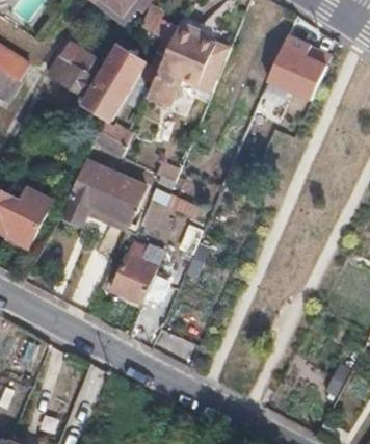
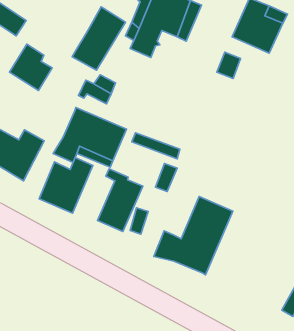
building: [53,45,102,98] -> [10,44,52,90]
building: none -> [39,157,93,213]
building: none -> [154,197,233,275]

